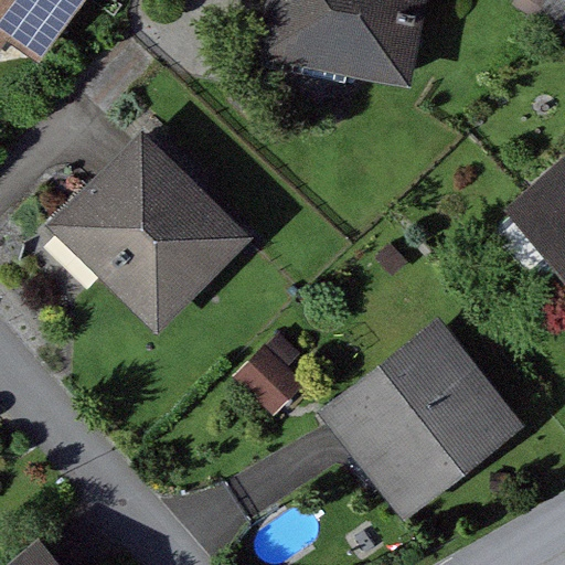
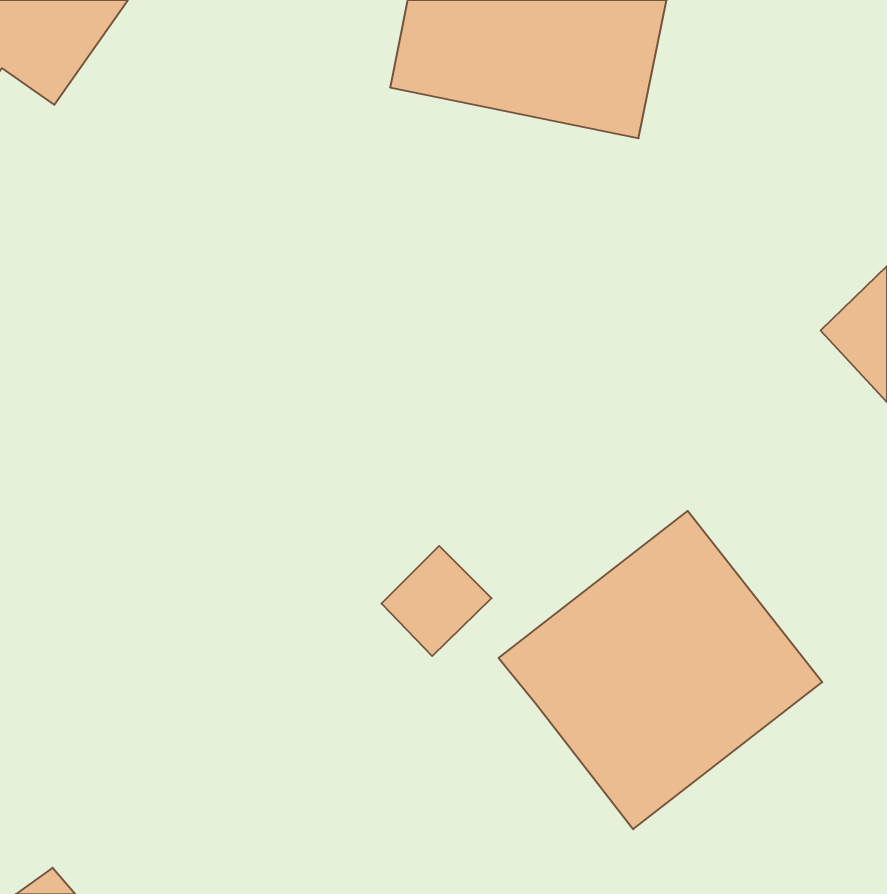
building: [54,129,255,329] -> none

